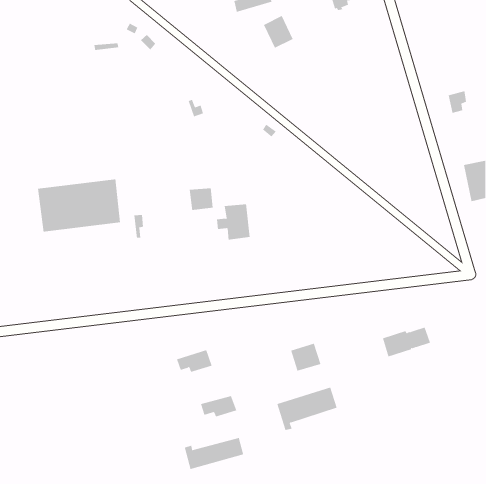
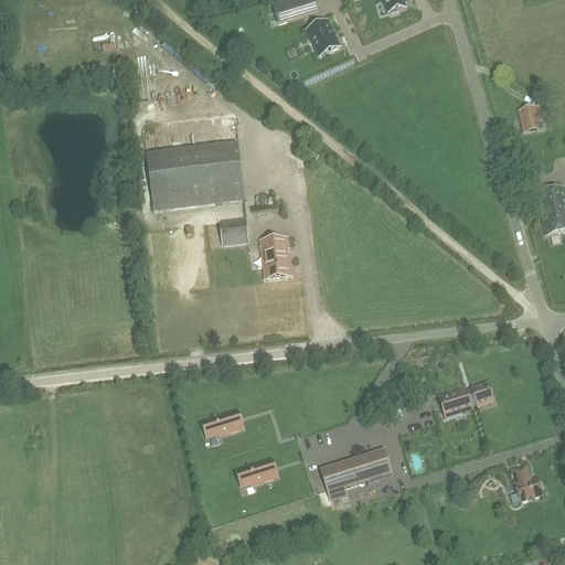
building: [37,179,121,232] -> [147,146,244,207]
building: [290,343,321,372] -> none
building: none -> [512,465,542,500]
building: [184,437,244,470] -> none

